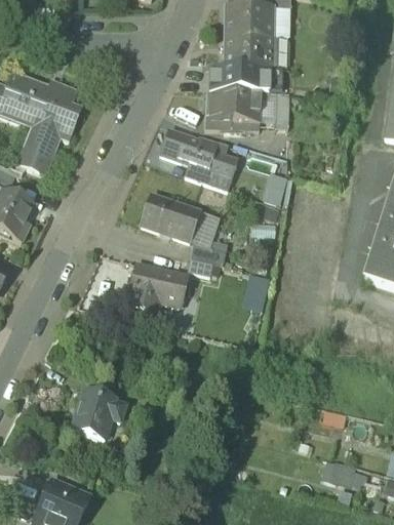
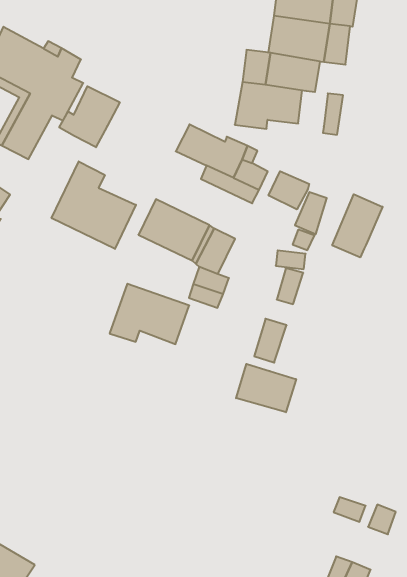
building: [255,93,276,120] -> none
building: none -> [59,86,120,147]
building: none -> [269,171,309,209]
building: none -> [332,194,383,257]
building: none -> [52,161,136,249]
building: none -> [236,364,296,412]
building: [71,390,122,439] -> none

